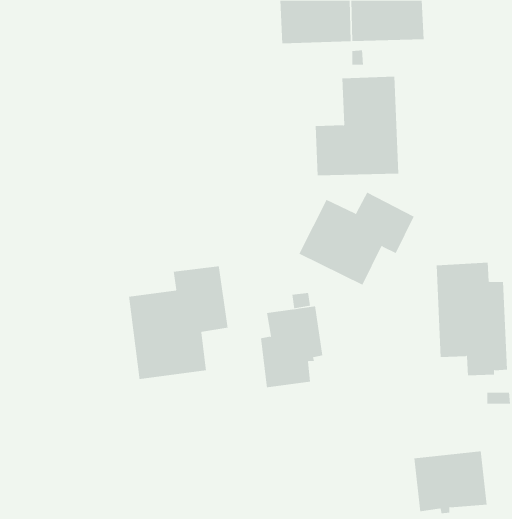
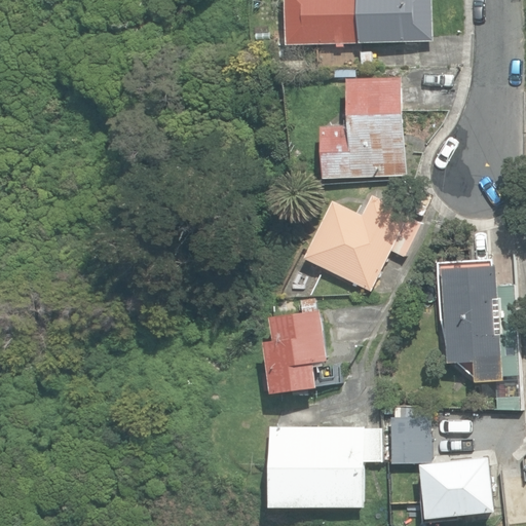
building: [128,265,228,380] -> none
building: none -> [387,415,428,463]
building: none -> [267,426,379,505]

